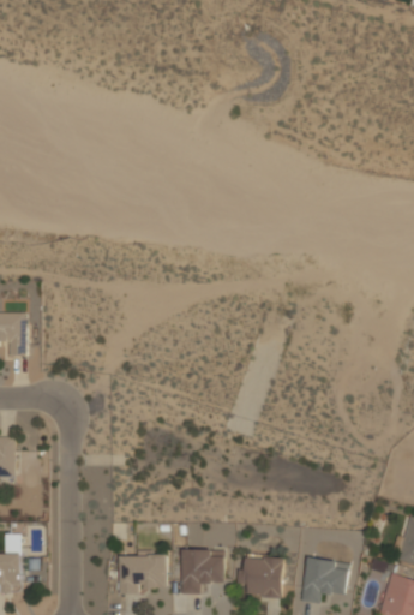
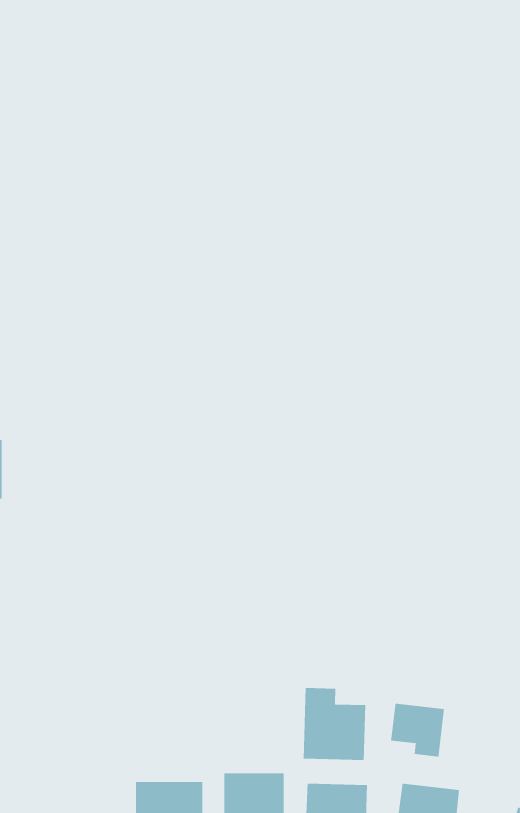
building: none -> [303,687,366,761]
building: none -> [391,703,445,757]

